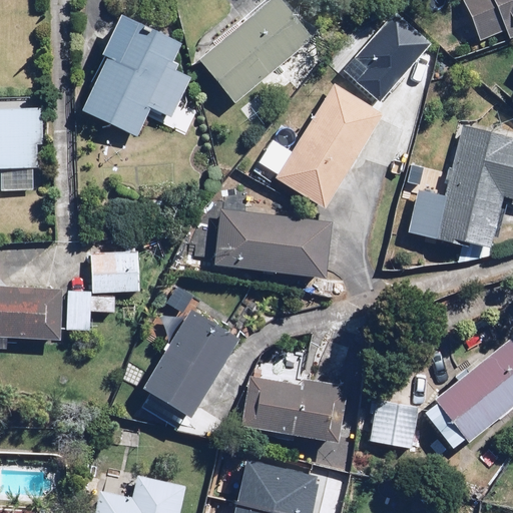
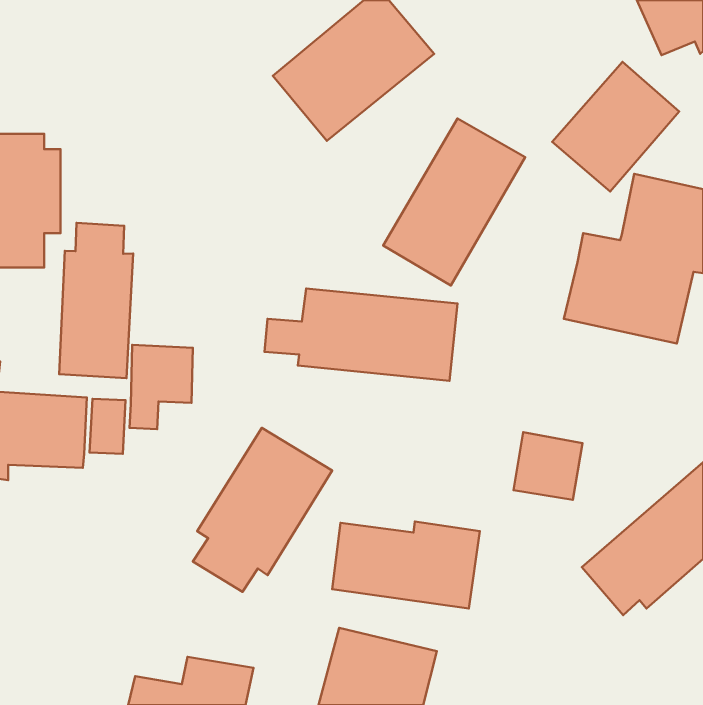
building: [342,4,434,98] -> [552,62,679,191]
building: [82,13,189,136] -> none
building: none -> [59,223,133,378]
building: [368,398,418,447] -> [514,432,583,500]

